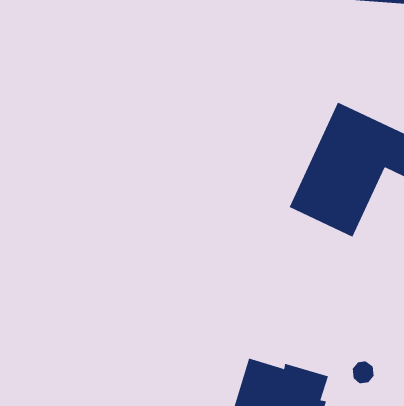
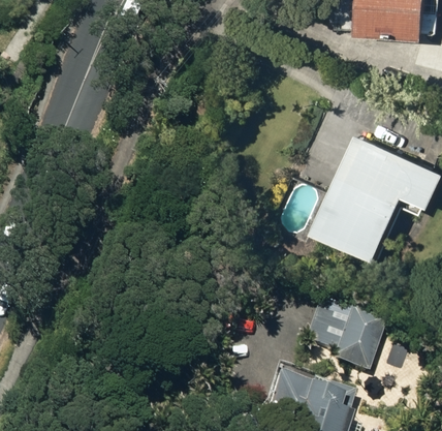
building: none -> [302,296,383,371]

